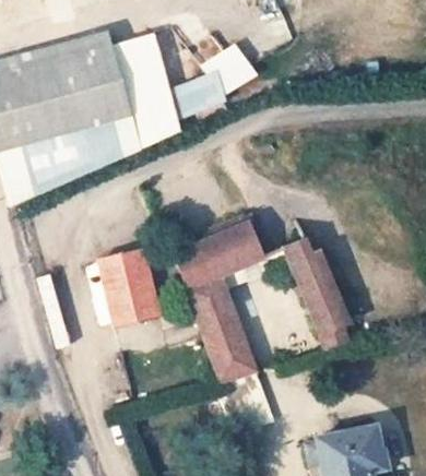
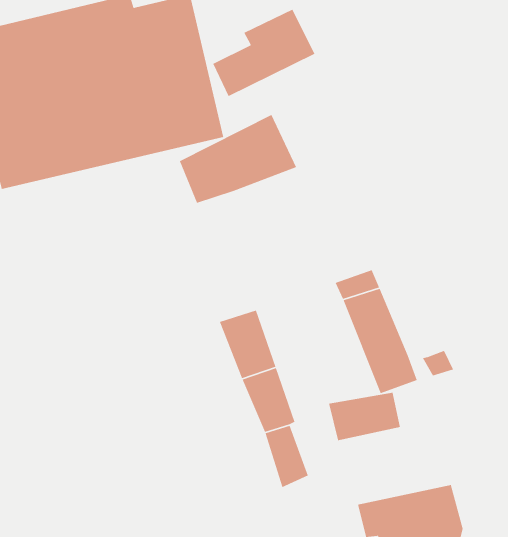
building: [174,219,270,293] -> [179,114,297,204]
building: [96,248,156,324] -> none
building: none -> [328,392,401,441]

